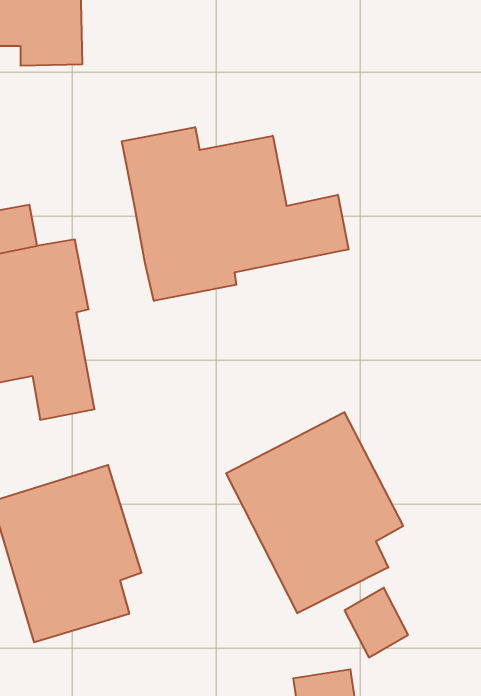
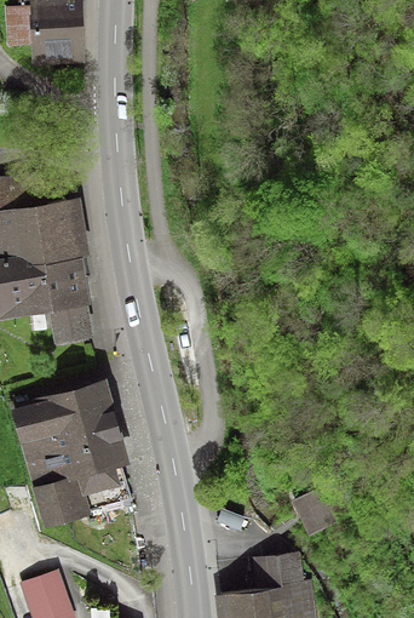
building: [122,127,348,301] -> none
building: [226,412,403,613] -> none

